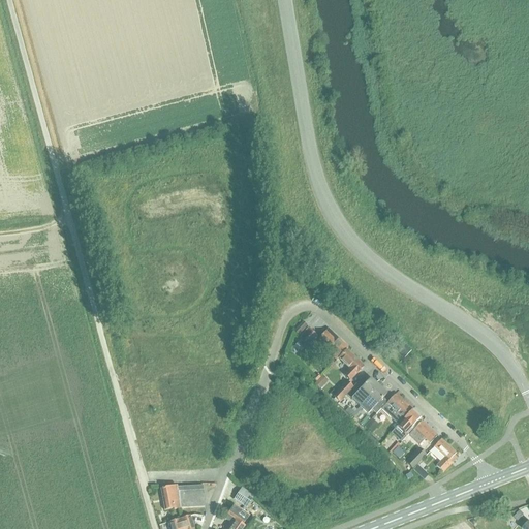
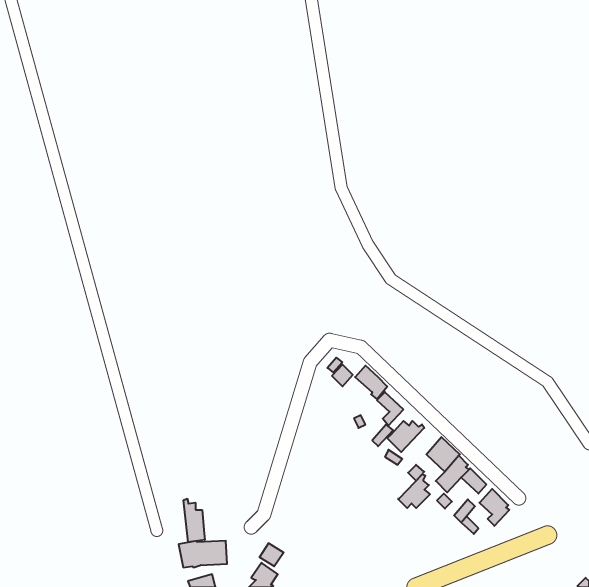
building: [359,383,387,413] -> [398,475,430,508]
building: none -> [184,499,205,542]

